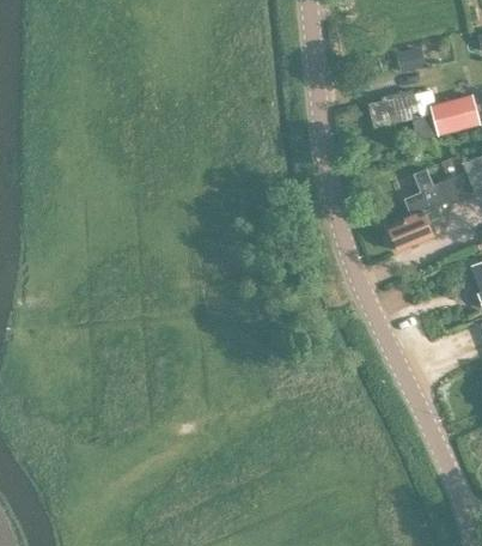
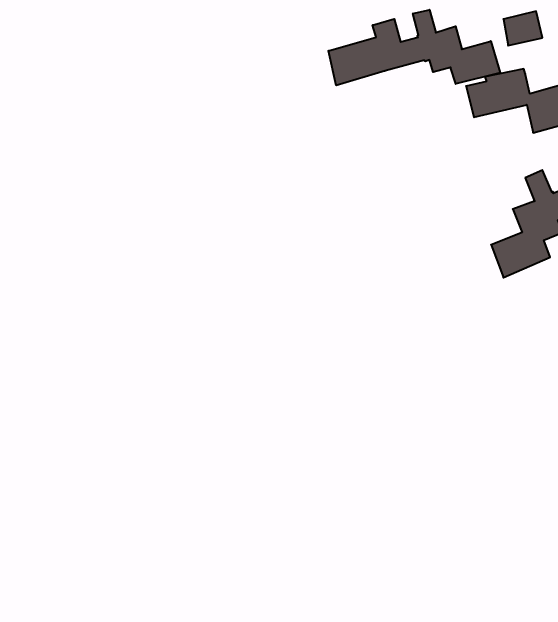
building: none -> [328,10,500,85]

